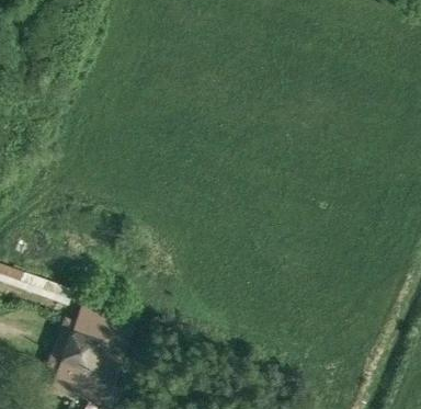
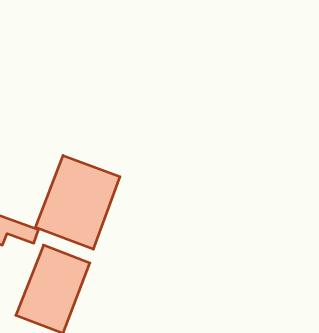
building: none -> [35,155,120,249]

